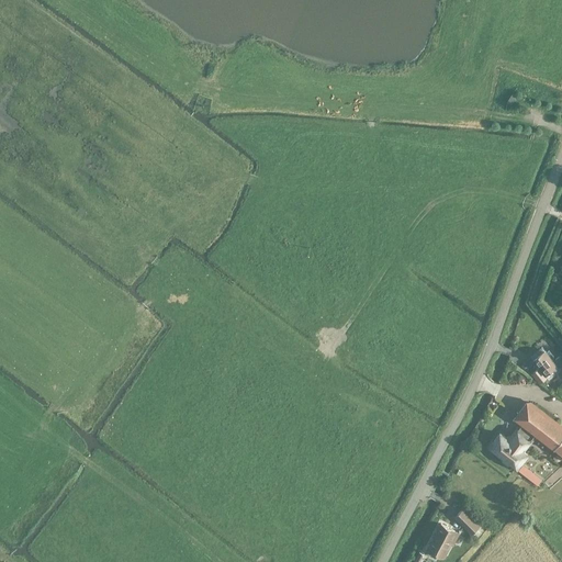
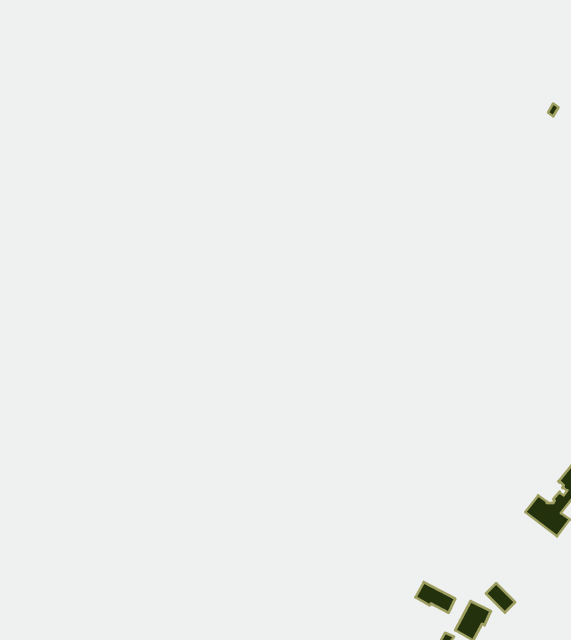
building: none -> [415,582,455,613]

